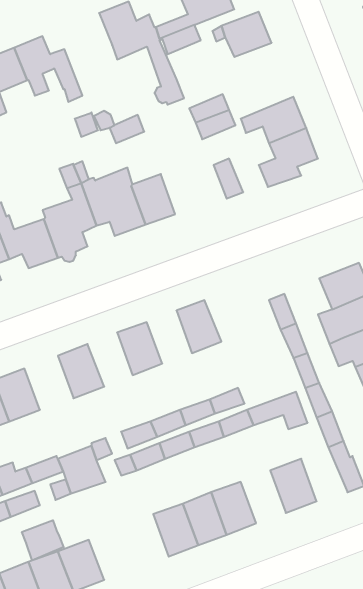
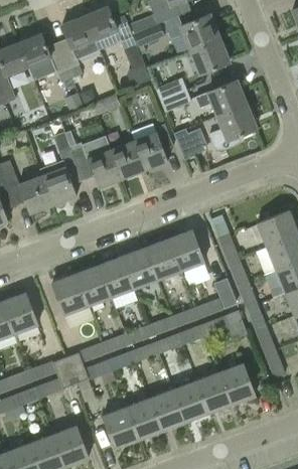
building: none -> [57,14,99,79]
building: none -> [190,37,229,72]
building: none -> [133,123,173,171]
building: none -> [167,229,203,271]
building: none -> [122,247,157,288]
building: none -> [76,264,111,306]
building: none -> [193,280,238,319]
building: none -> [195,371,231,413]
building: none -> [103,406,139,448]
building: [22,520,64,560] -> none

